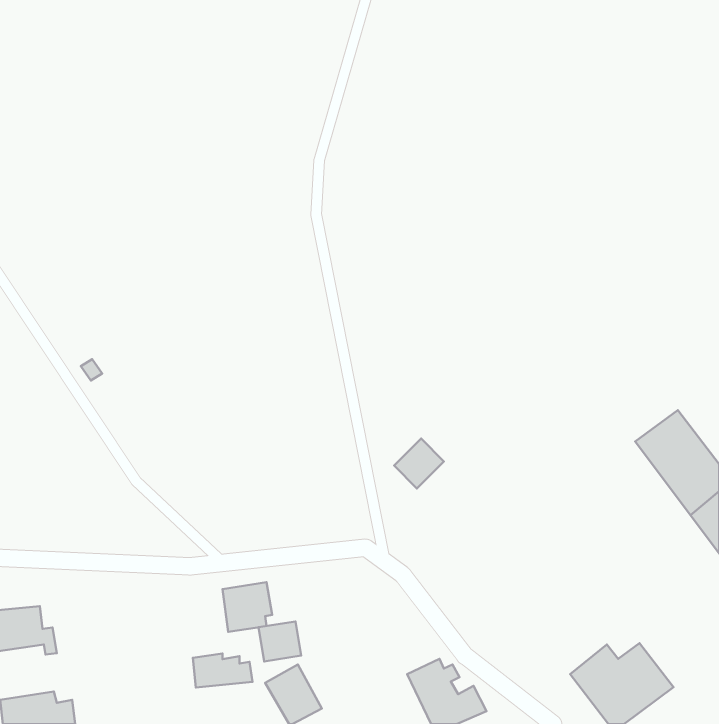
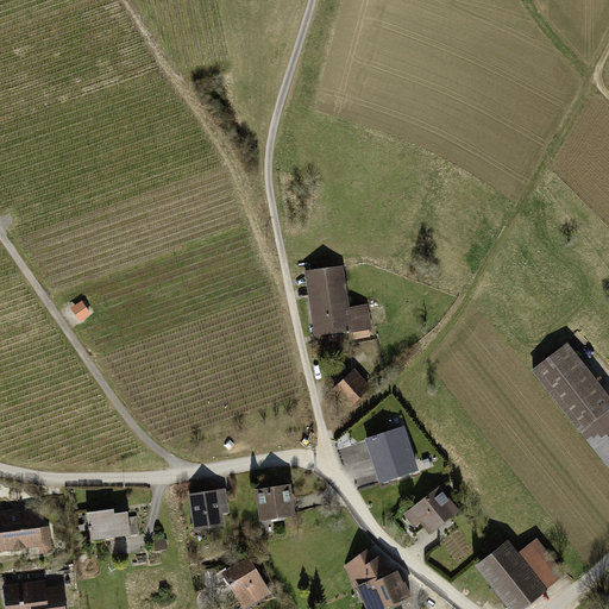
building: none -> [302,265,371,338]
building: none -> [365,427,419,483]
building: none -> [403,484,462,533]
building: [259,622,301,661] -> [253,484,289,517]
building: [193,653,252,688] -> [84,509,134,538]

